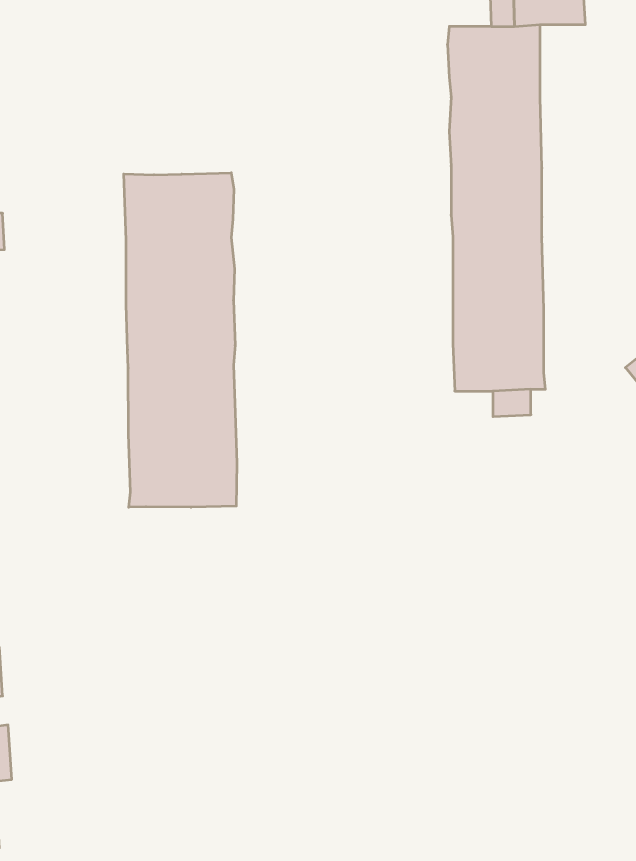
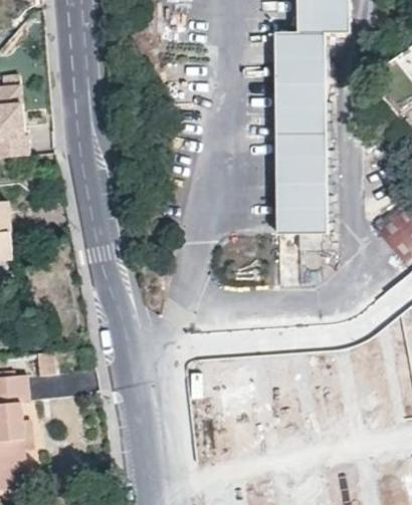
building: [124,173,237,507] -> none

